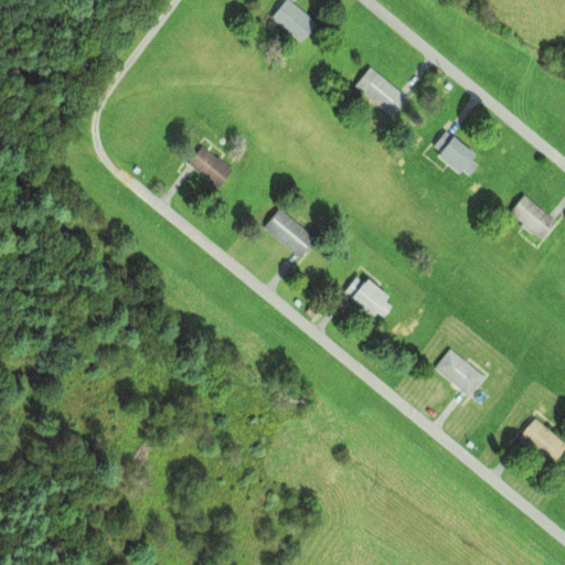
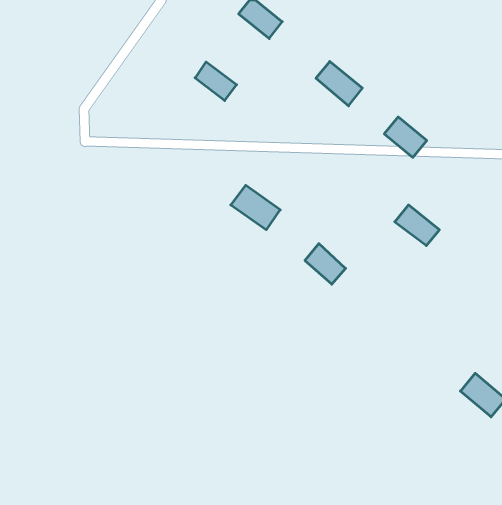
building: [188,146,234,189] -> [195,62,237,101]
building: [509,195,558,241] -> [395,205,439,246]
building: [431,347,483,397] -> none

